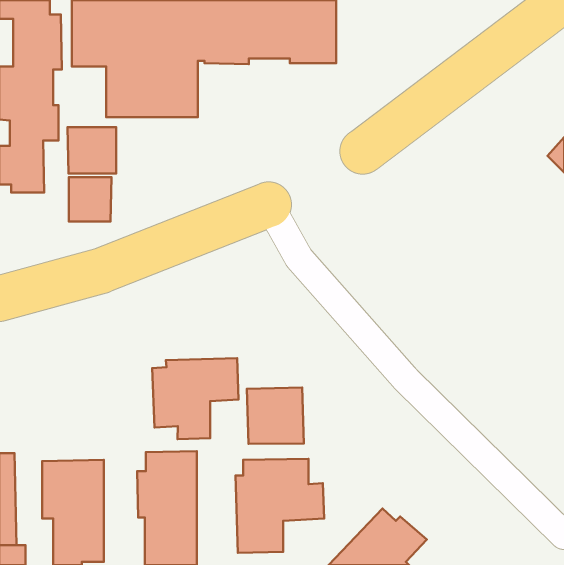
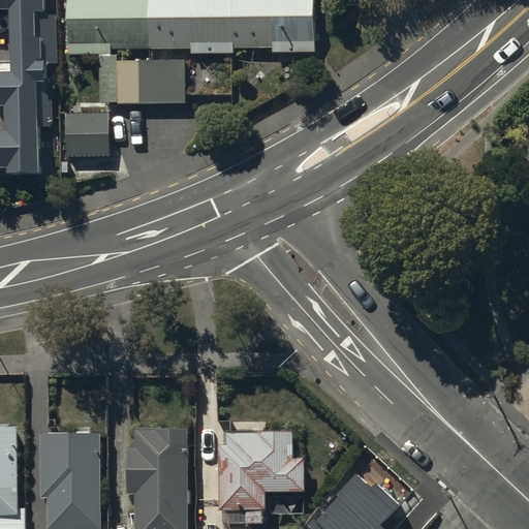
building: [69,177,111,222] -> none
building: [152,358,238,439] -> none
building: [247,387,304,444] -> none

